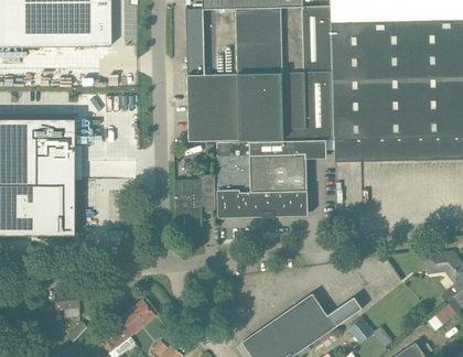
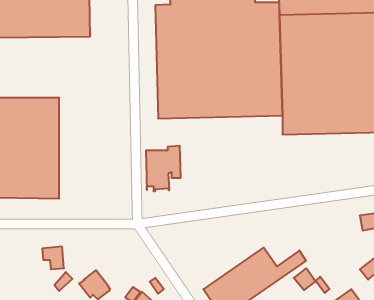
building: [217,140,327,217] -> none
building: [117,300,155,336] -> none

